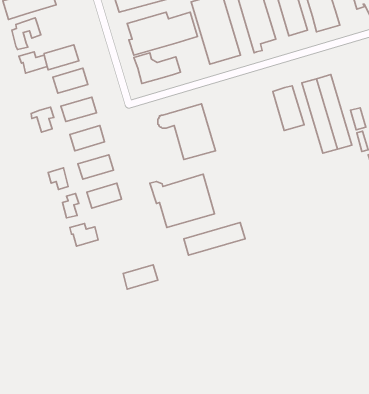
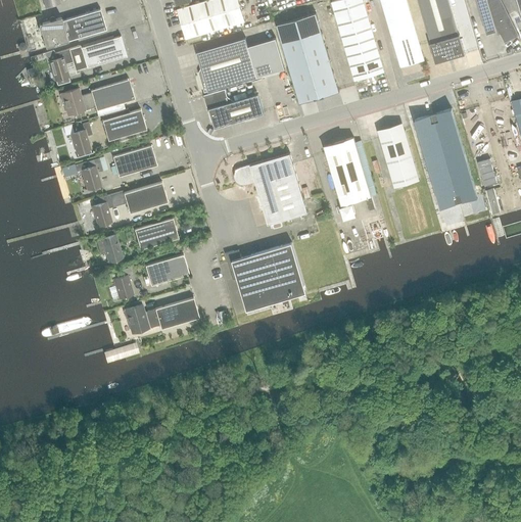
building: none -> [81,37,125,68]
building: none -> [63,123,92,157]
building: none -> [324,138,371,220]
building: none -> [93,191,127,227]
building: [184,222,245,255] -> none
building: [123,265,158,289] -> [155,298,199,329]

